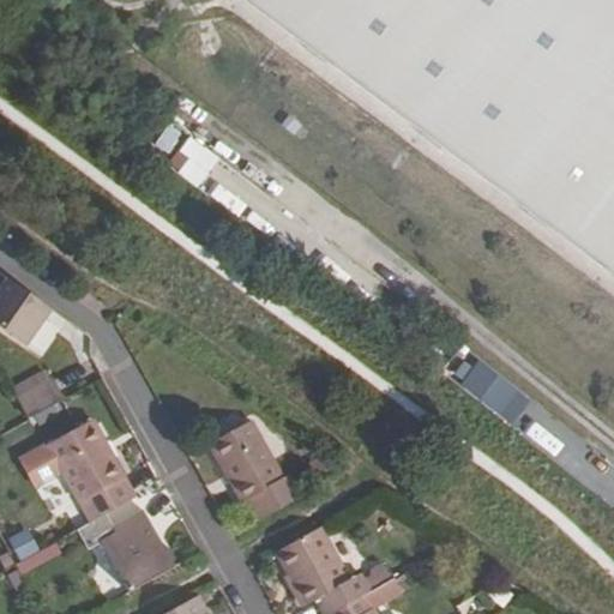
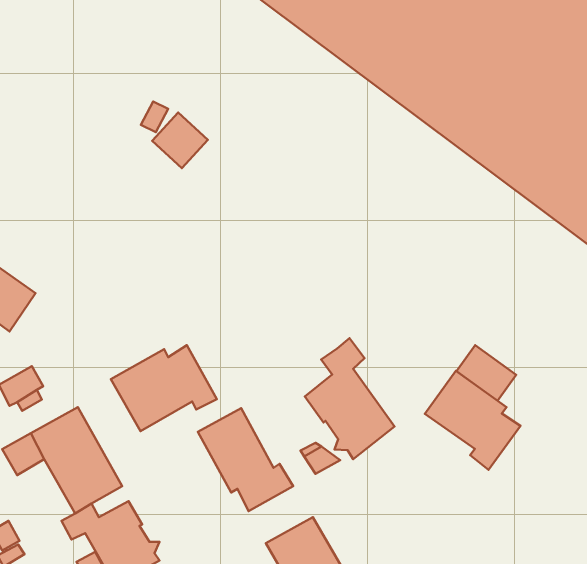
building: none -> [305,338,394,459]
building: none -> [111,345,217,431]
building: none -> [425,371,521,470]

